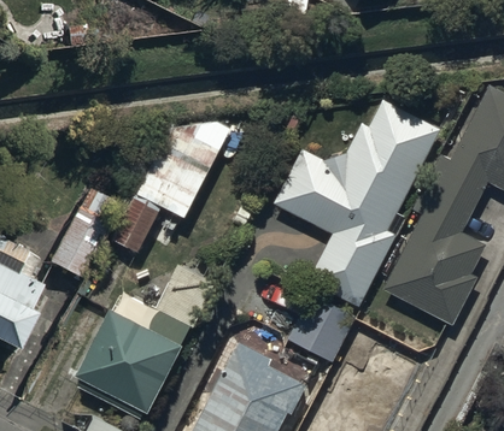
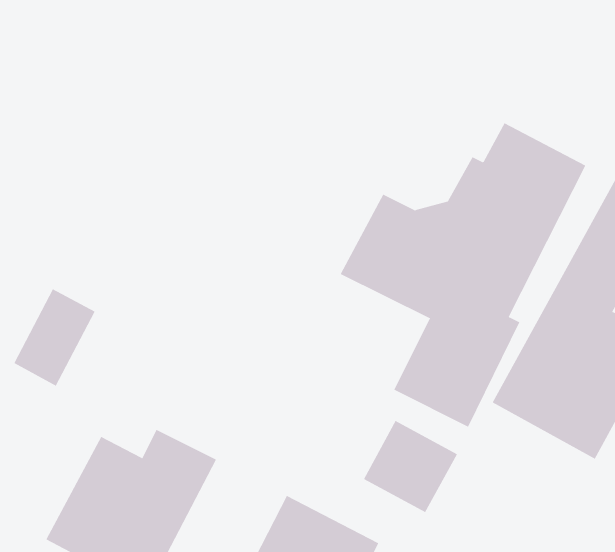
building: [112,118,234,253] -> none

